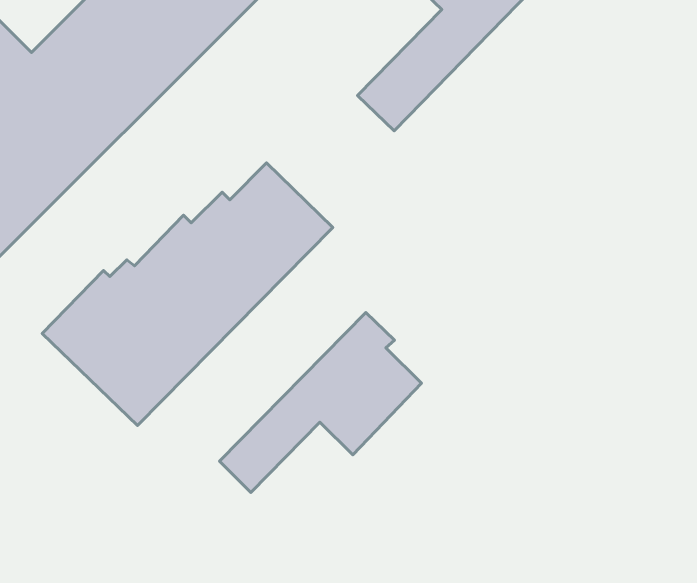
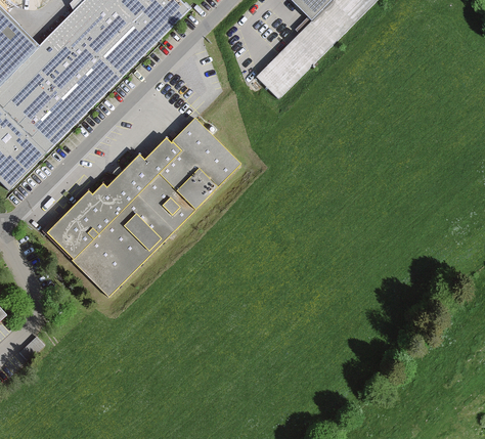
building: [220,313,422,493] -> none

